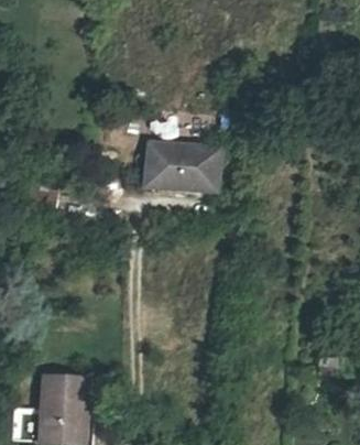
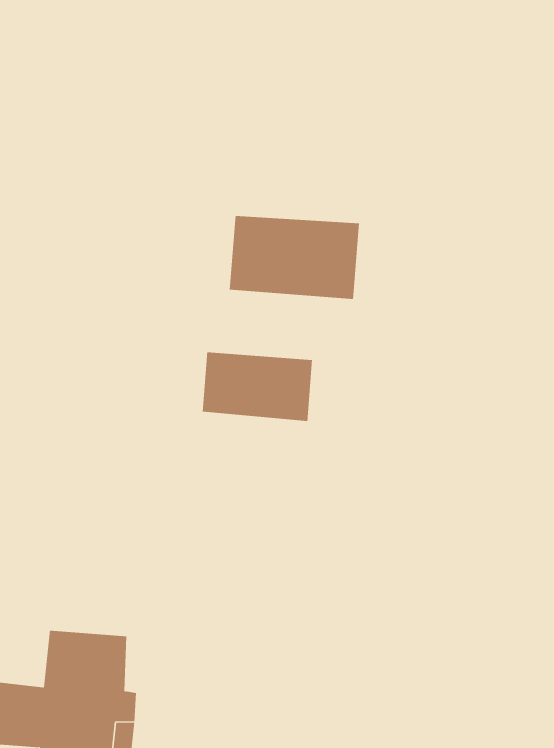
building: none -> [202,352,313,422]

